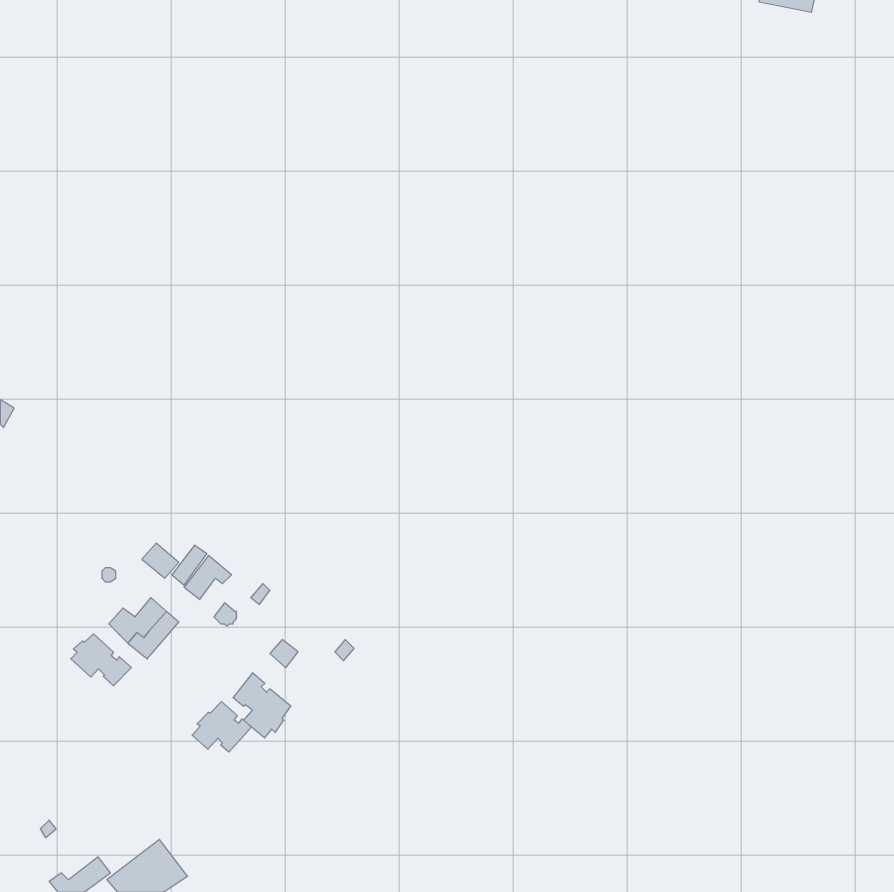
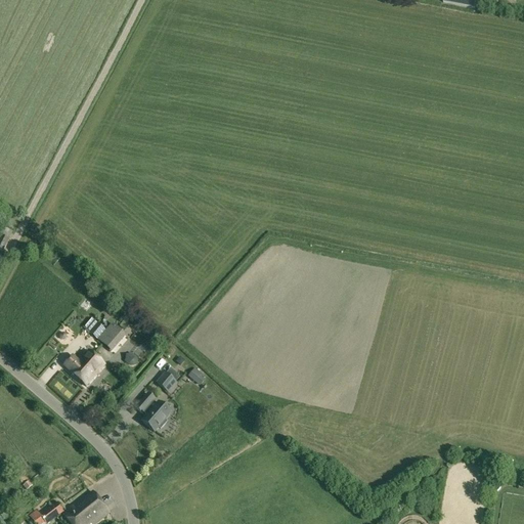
building: [71,634,131,686] -> none
building: [192,702,252,752] -> none

